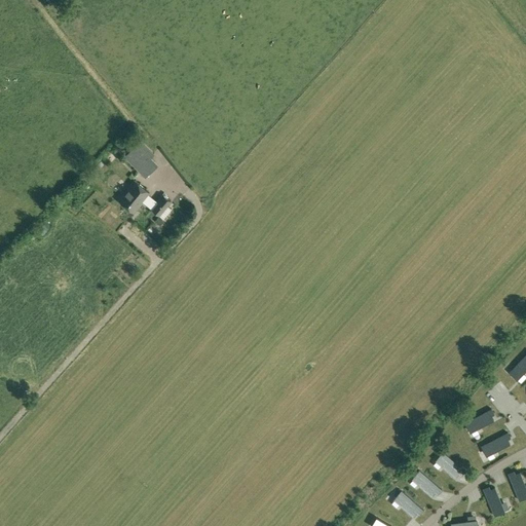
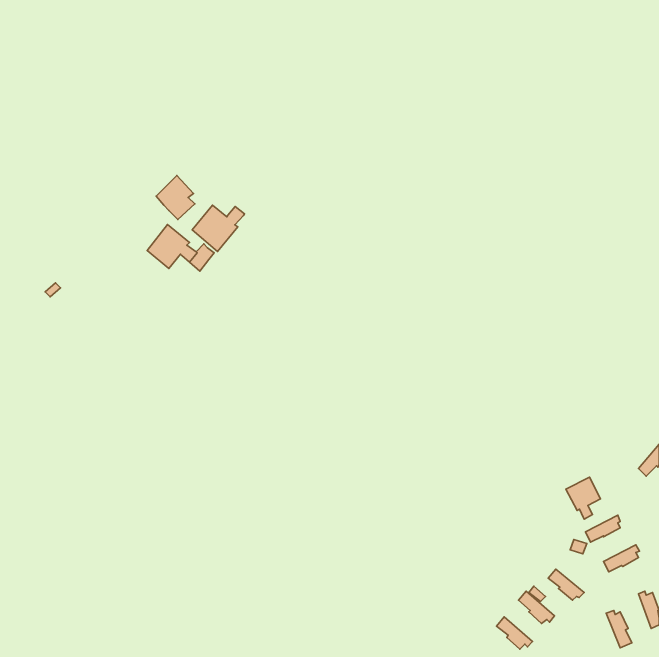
building: none -> [192,205,245,251]
building: none -> [566,477,601,519]

